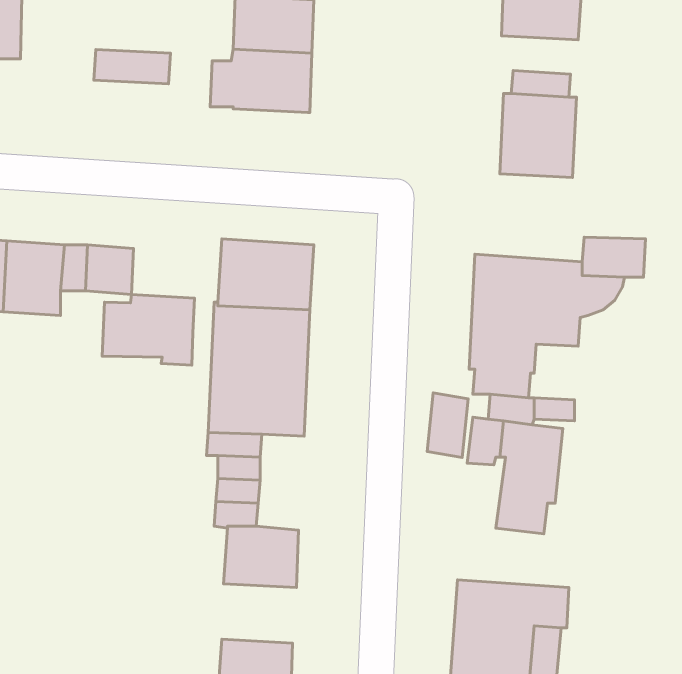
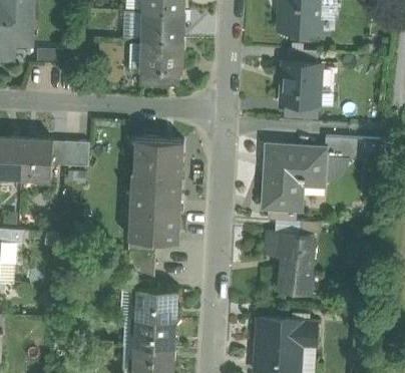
building: [94,49,171,84] -> [139,70,179,88]
building: [102,295,194,365] -> none
building: [427,393,468,458] -> none
building: none -> [134,319,173,350]

